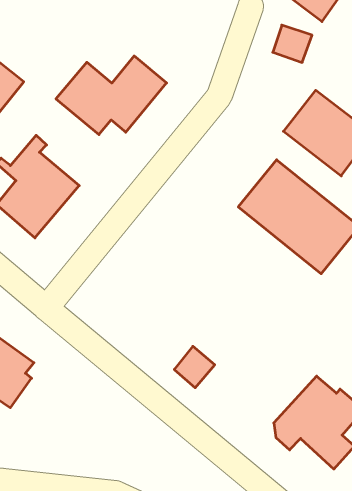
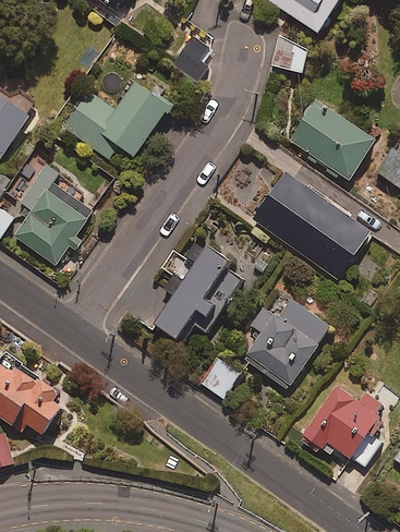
building: none -> [171,36,210,84]
building: none -> [157,241,231,343]
building: none -> [240,288,331,389]

